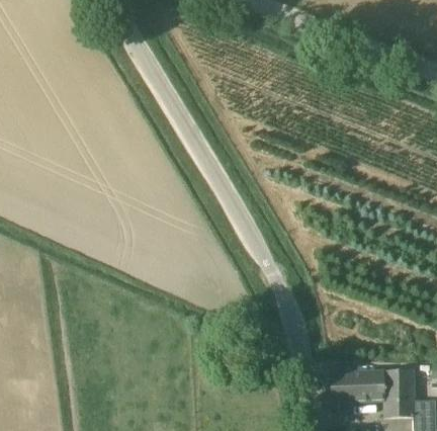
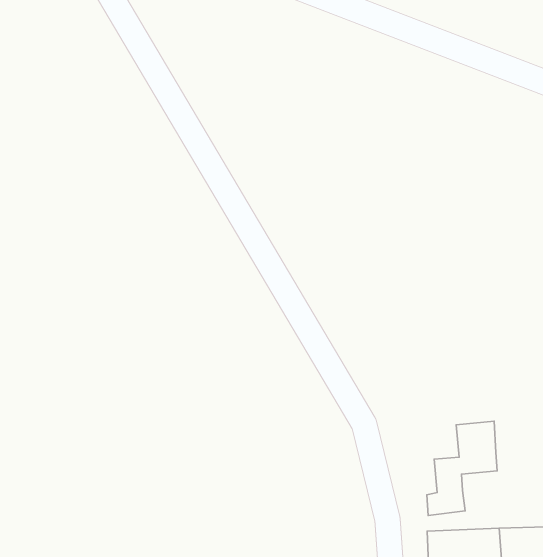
building: none -> [427,421,497,516]

